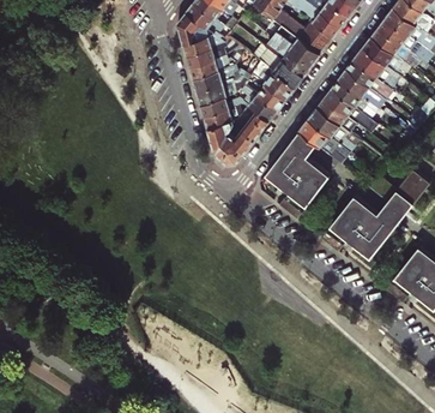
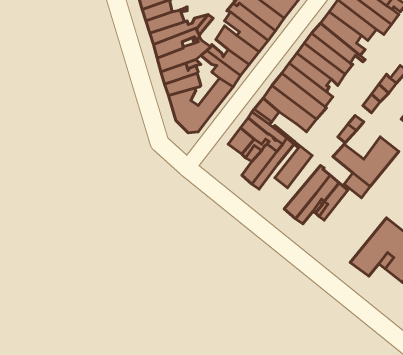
building: [357,198,394,258] -> [274,125,312,188]

